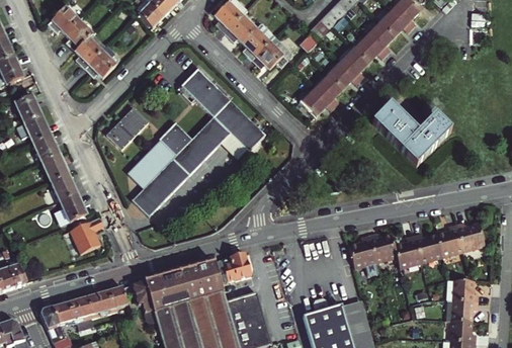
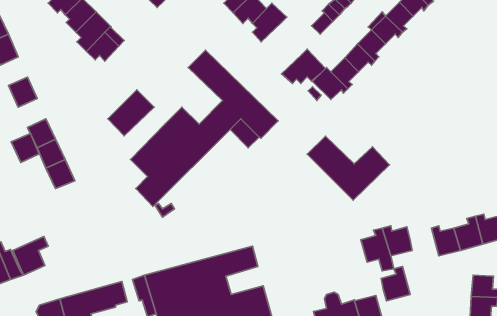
building: [252,36,293,69] -> [282,49,326,83]
building: [374,105,452,166] -> [307,136,390,200]
building: [22,113,49,141] -> [11,133,39,162]
building: [58,191,85,220] -> none
building: [70,214,103,251] -> [13,237,48,275]
building: [393,236,420,268] -> [381,267,410,301]

